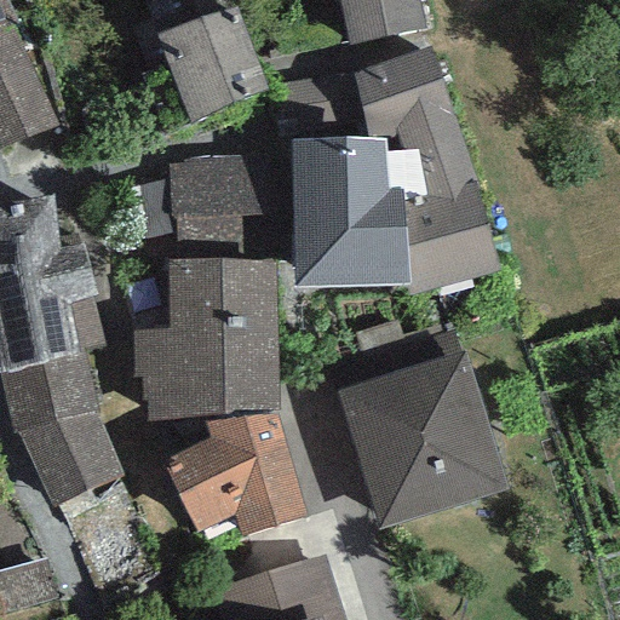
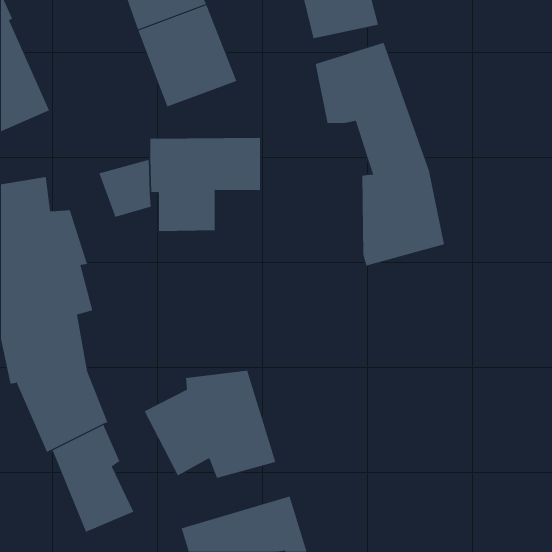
building: [293,138,407,286] -> none
building: [133,258,280,420] -> none
building: [338,351,506,527] -> none

